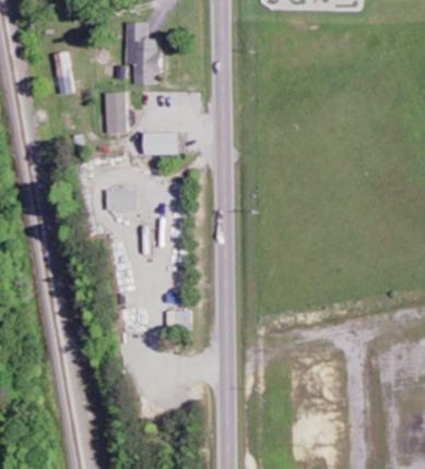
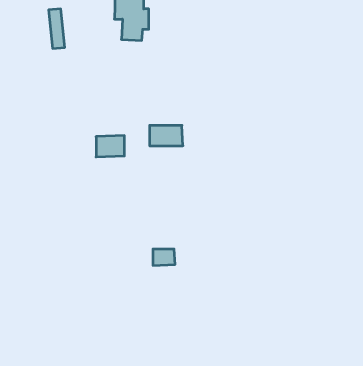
building: [105,93,128,134] -> none
building: [145,133,181,155] -> [150,125,183,146]

